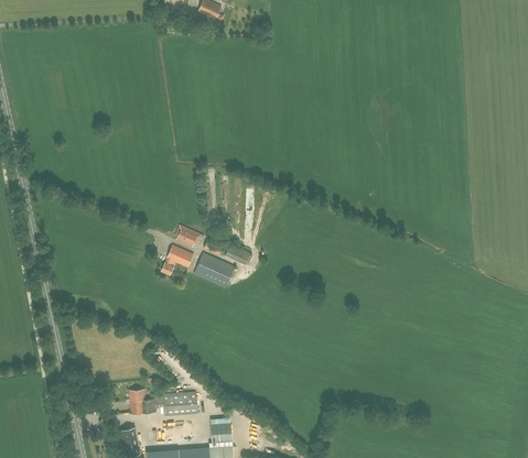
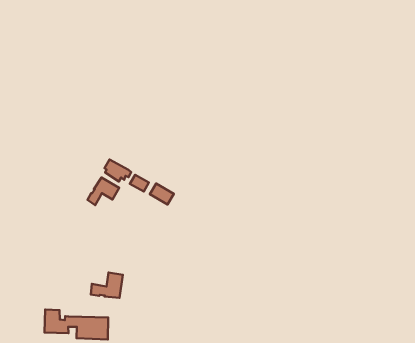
building: [194,251,235,286] -> none
building: none -> [91,272,123,298]

